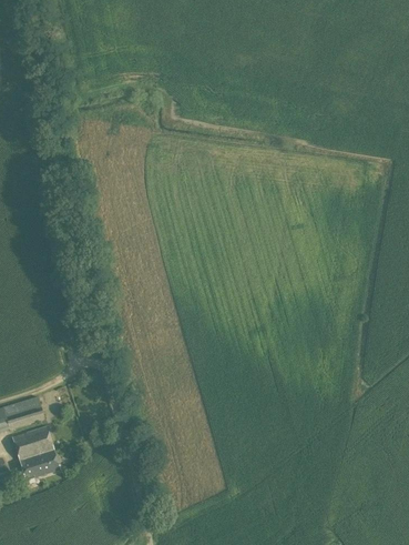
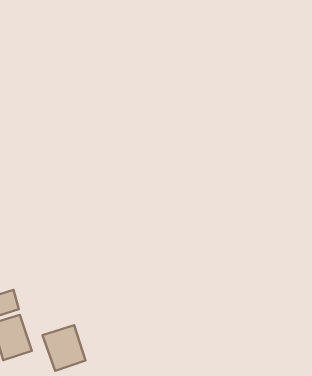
building: none -> [43,325,85,371]

